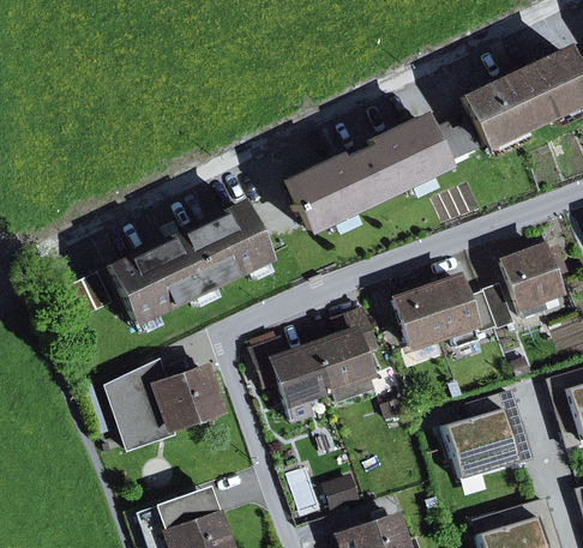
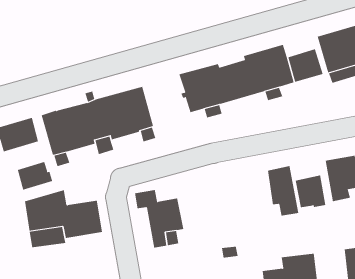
building: [396,289,443,345] -> none
building: [314,312,375,401] -> none
building: none -> [17,161,53,191]

